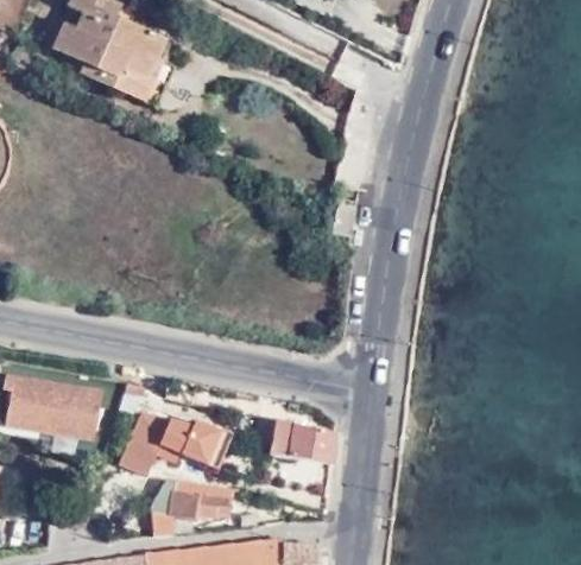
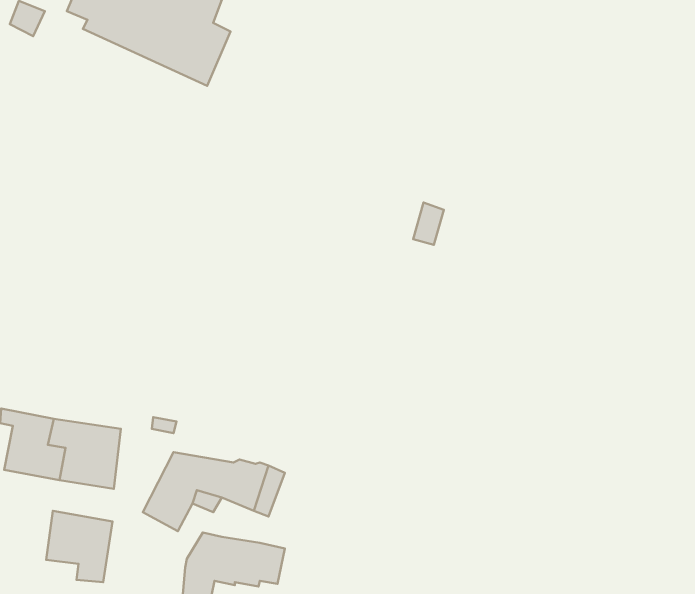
building: [254,411,334,469] -> none
building: none -> [46,511,112,582]

